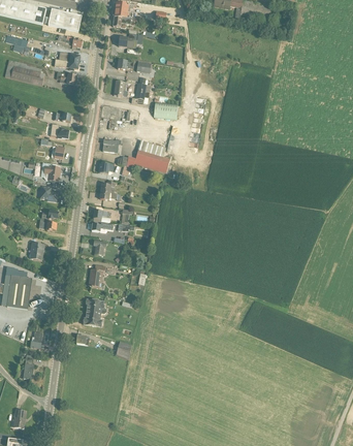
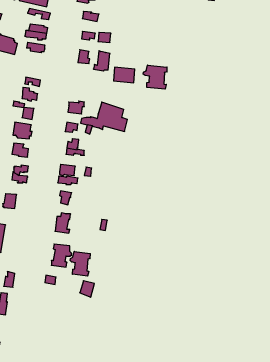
building: none -> [143,65,167,89]
building: none -> [70,251,90,276]

